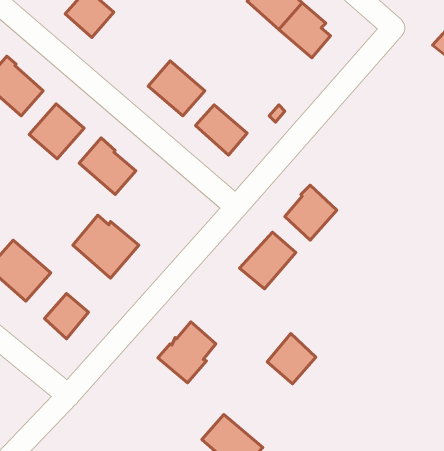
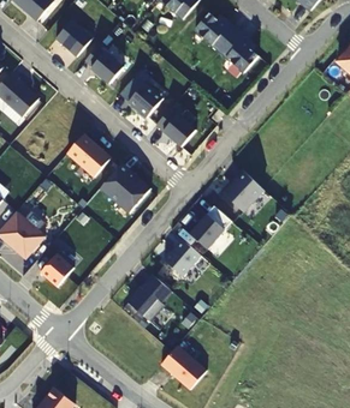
building: none -> [84,46,123,84]
building: [29,104,84,159] -> none
building: [73,215,139,278] -> [100,164,150,212]
building: [267,333,316,384] -> [164,238,201,276]

